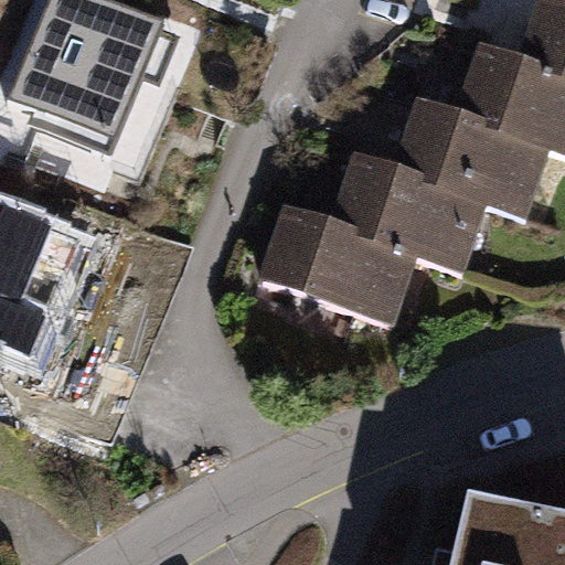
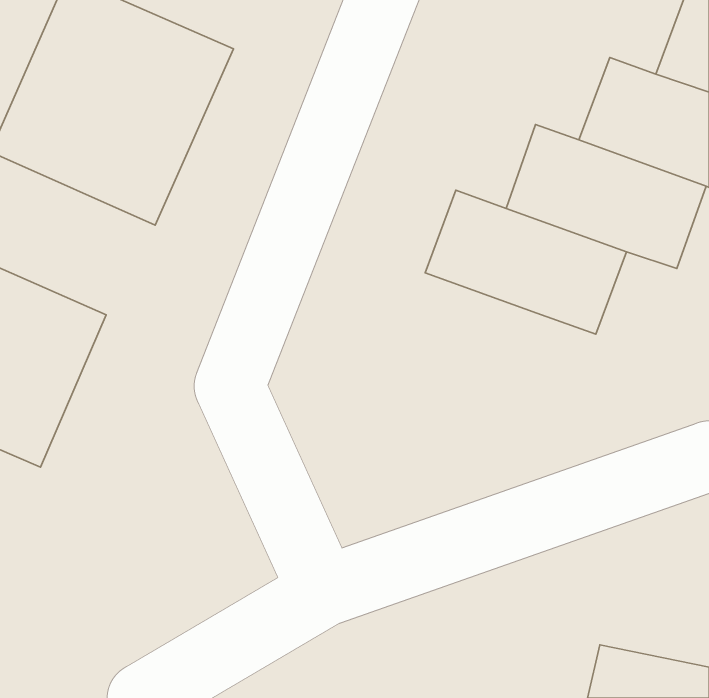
building: [265,199,424,312] -> none

